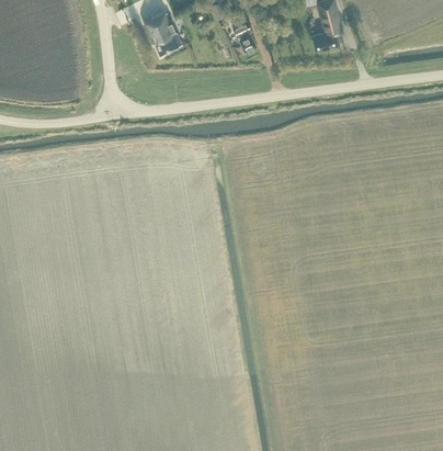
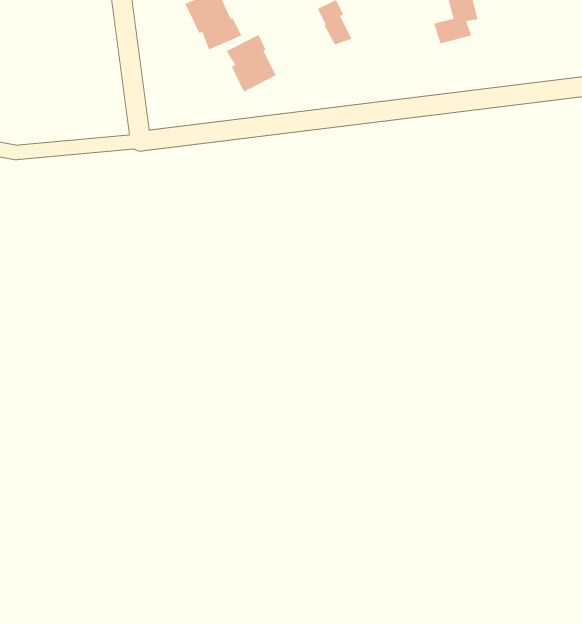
building: none -> [226,34,277,93]

